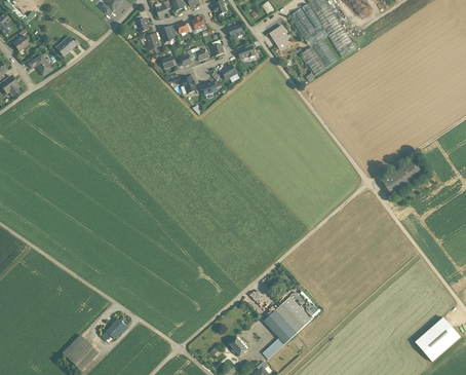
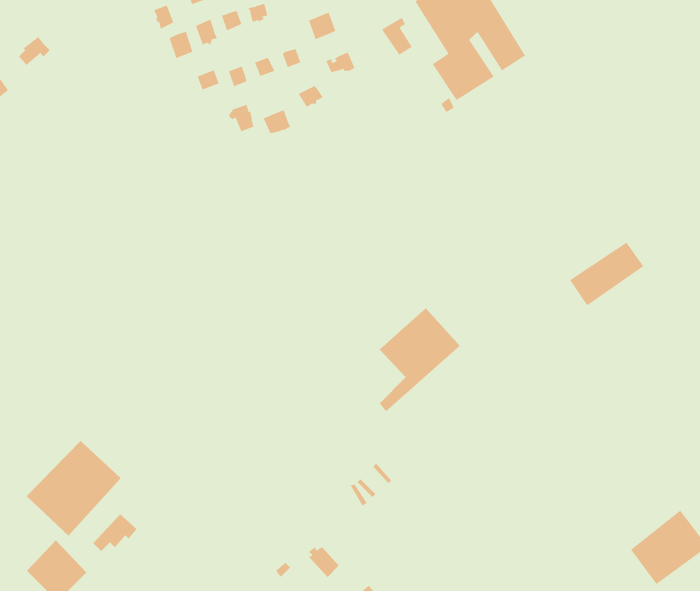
building: none -> [26,440,121,537]
building: [262,296,310,358] -> [379,308,461,412]

